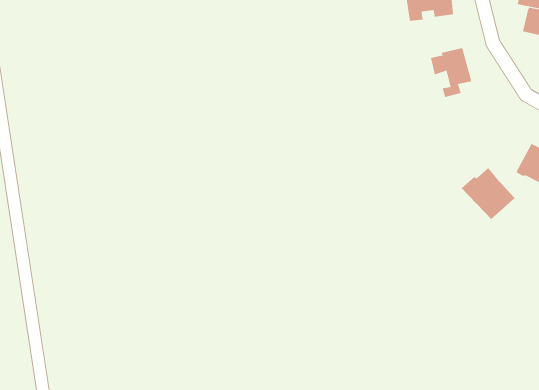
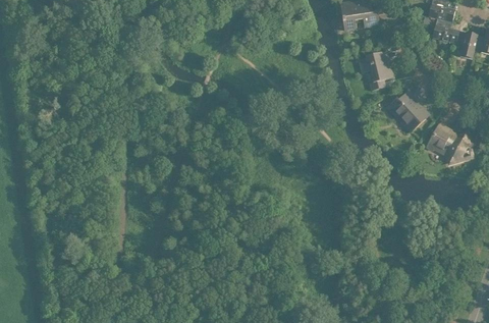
building: [461,167,516,220] -> [385,91,428,131]

